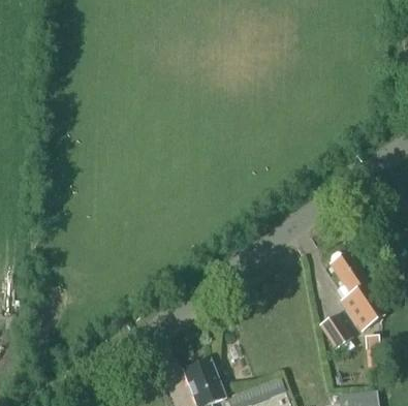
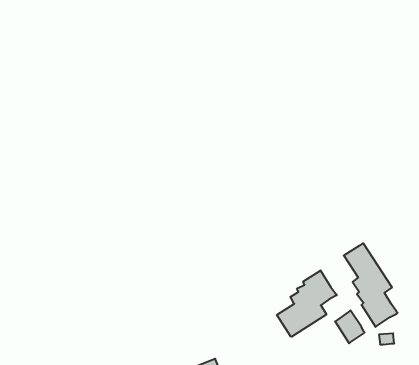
building: none -> [277,270,337,337]

